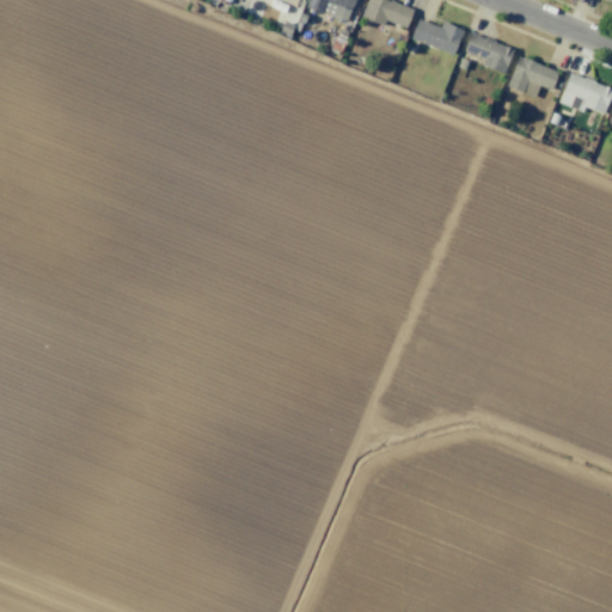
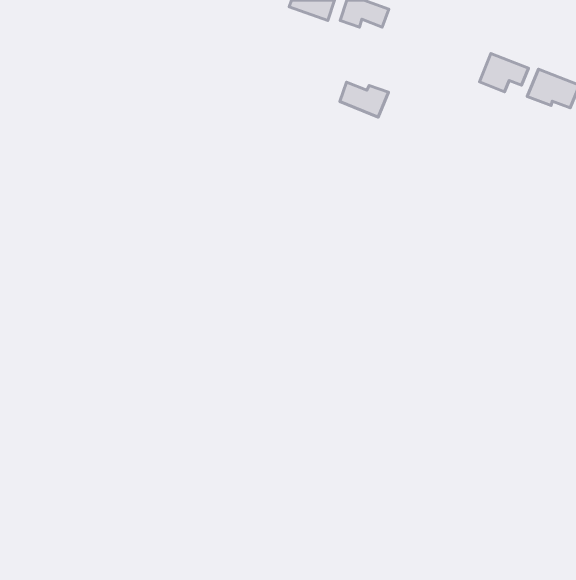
building: [412,18,464,55] -> [340,82,388,117]
building: [465,32,515,73] -> none

